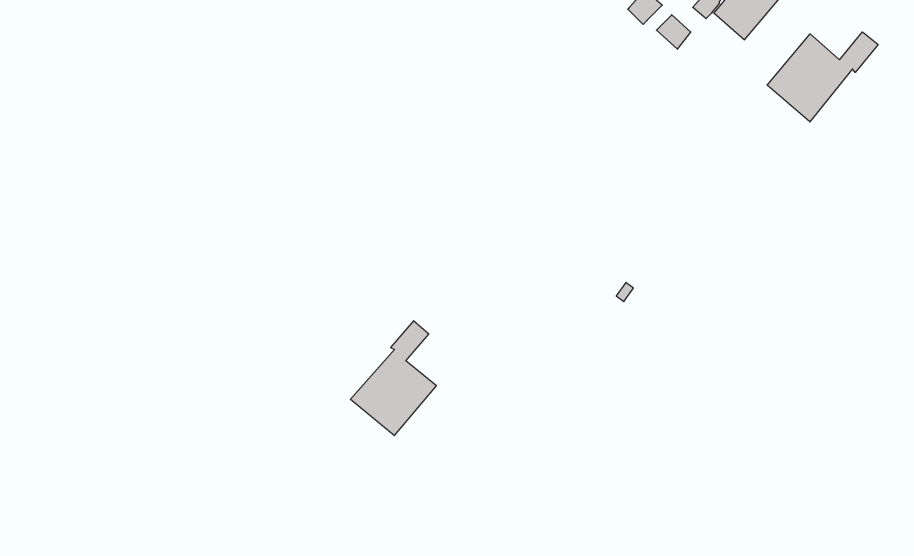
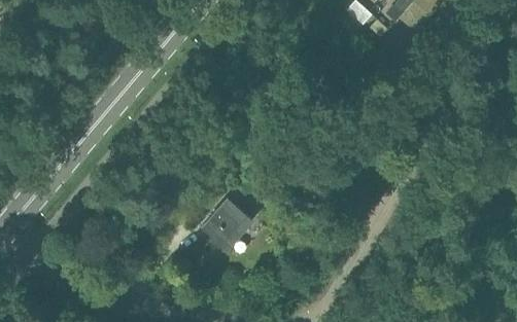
building: [767,32,878,122] -> none

